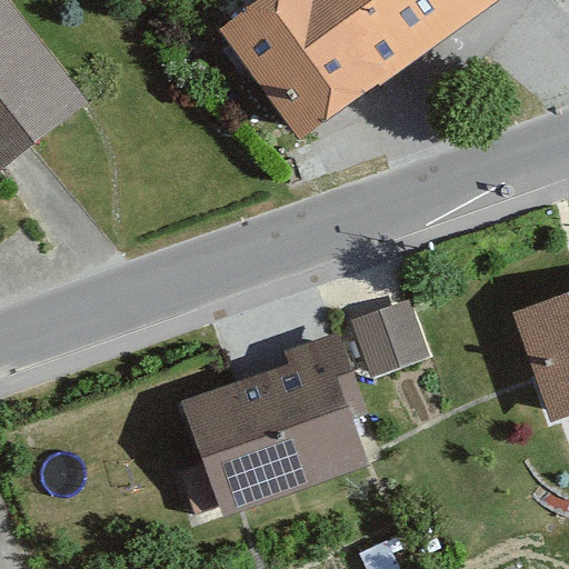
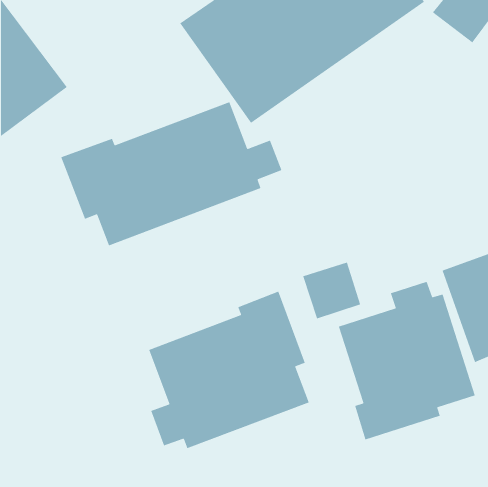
building: none -> [60,101,282,246]
building: none -> [338,281,476,441]

